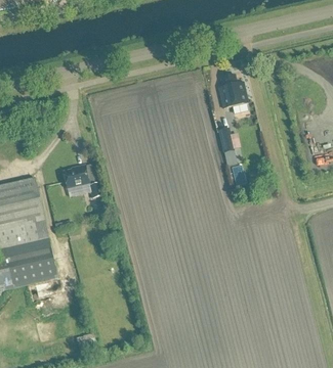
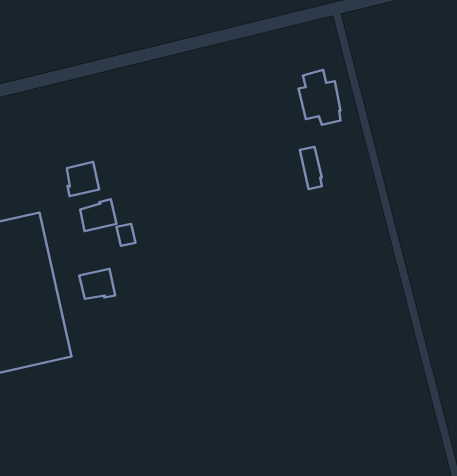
building: none -> [67,162,99,196]
building: none -> [79,269,115,299]

